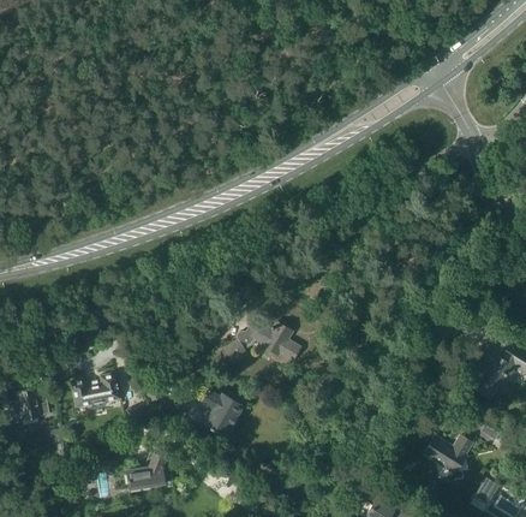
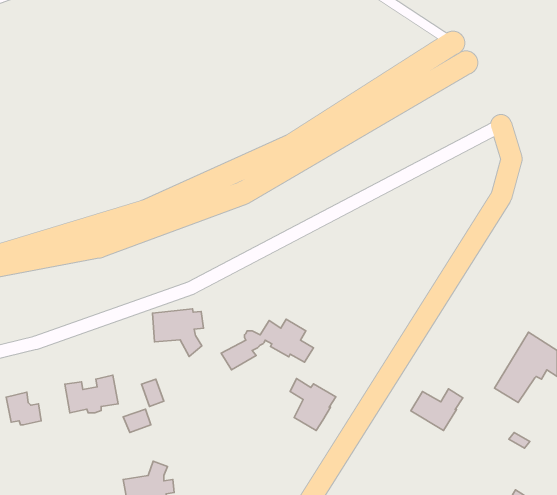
building: none -> [152,309,203,356]
building: [201,390,243,438] -> [290,379,336,431]
building: [425,436,473,475] -> [411,389,463,430]

